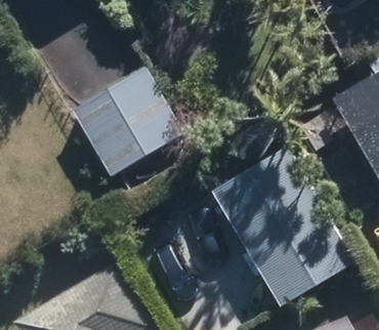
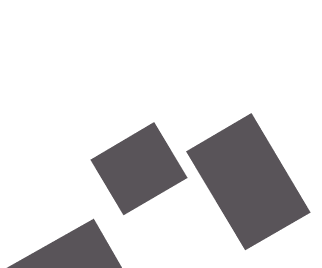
building: [69,63,182,172] -> [89,121,189,217]

